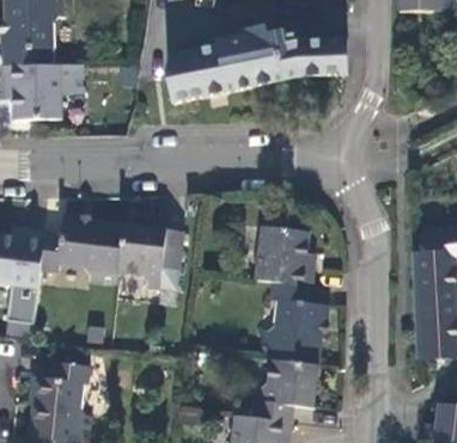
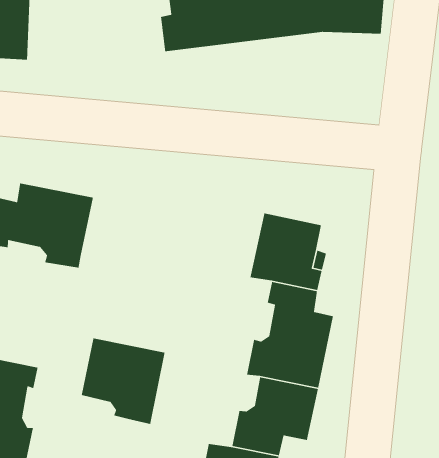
building: [118,224,184,291] -> [81,337,166,425]

